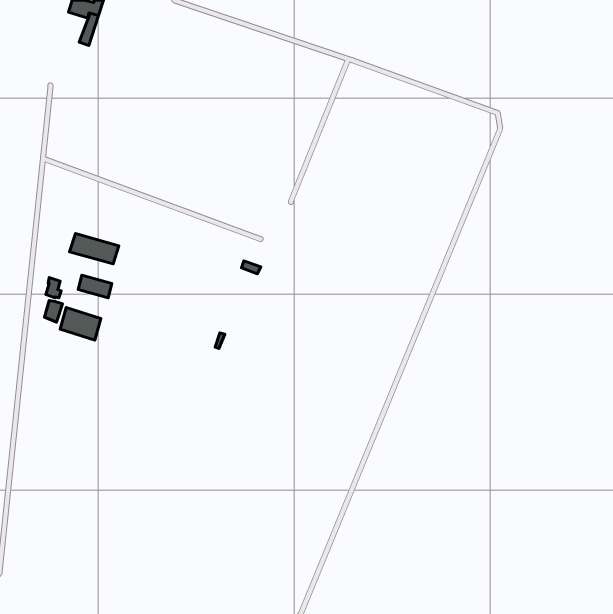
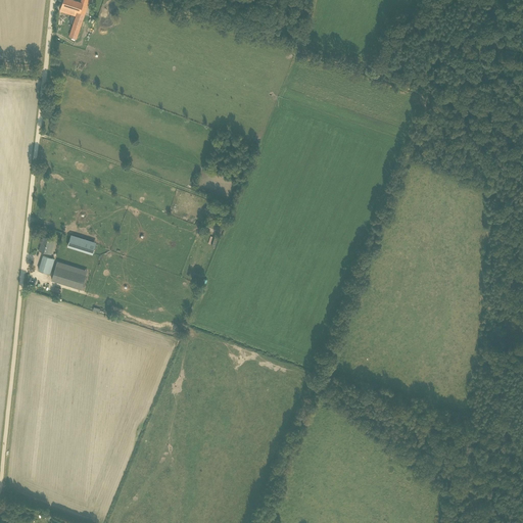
building: [69,234,119,264] -> none

